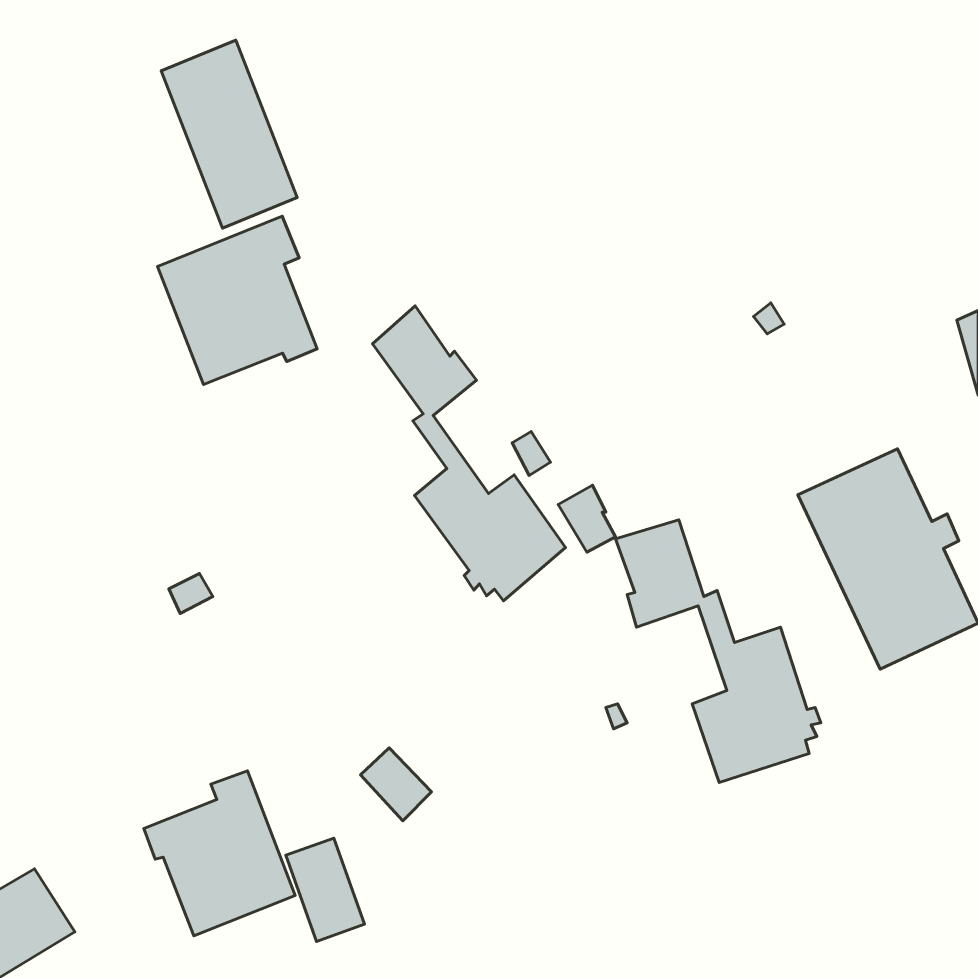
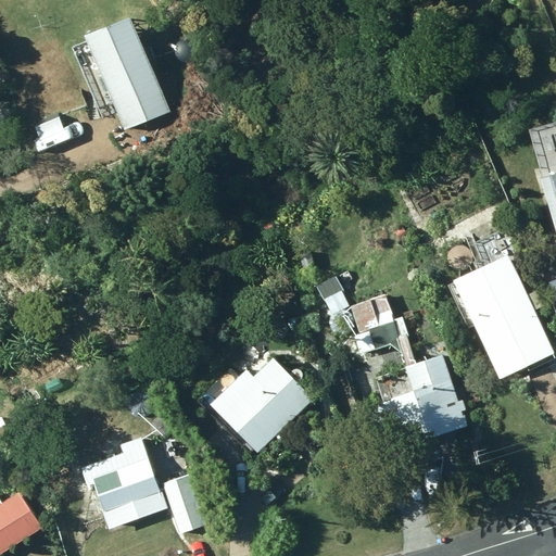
building: [158,216,317,385] -> none
building: [372,306,565,601] -> none
building: none -> [210,357,313,454]

